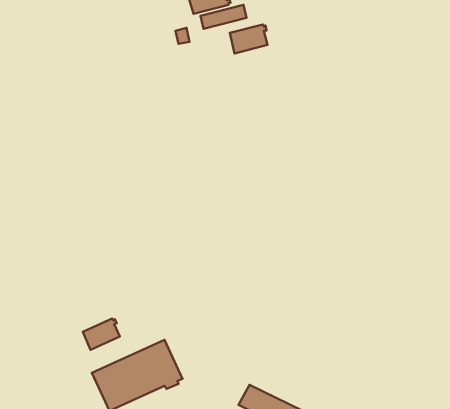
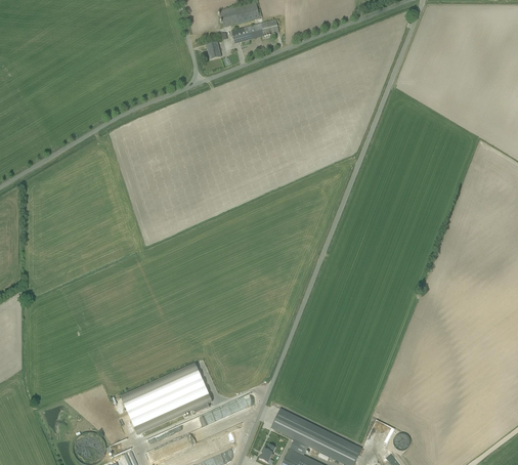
building: [230,25,267,53] -> none
building: [83,319,120,350] -> none

